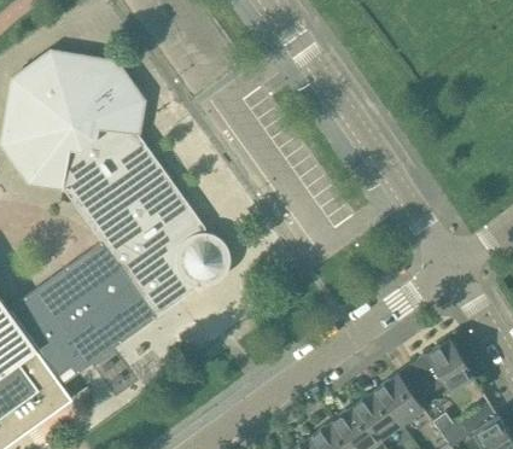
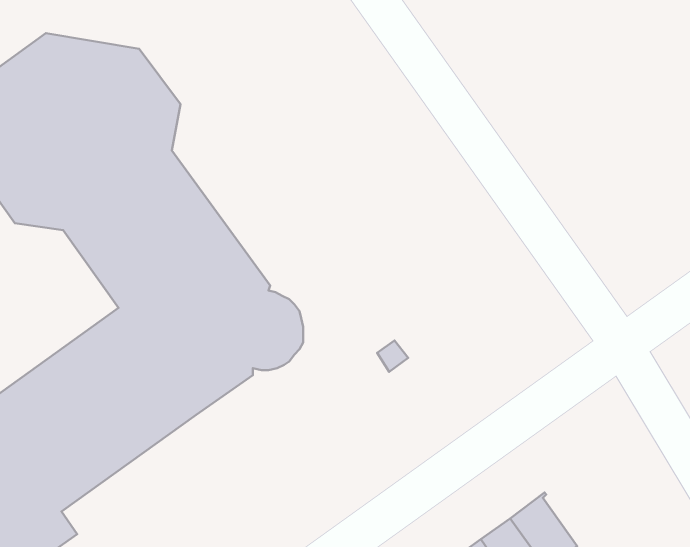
building: [409,340,471,391] -> none

